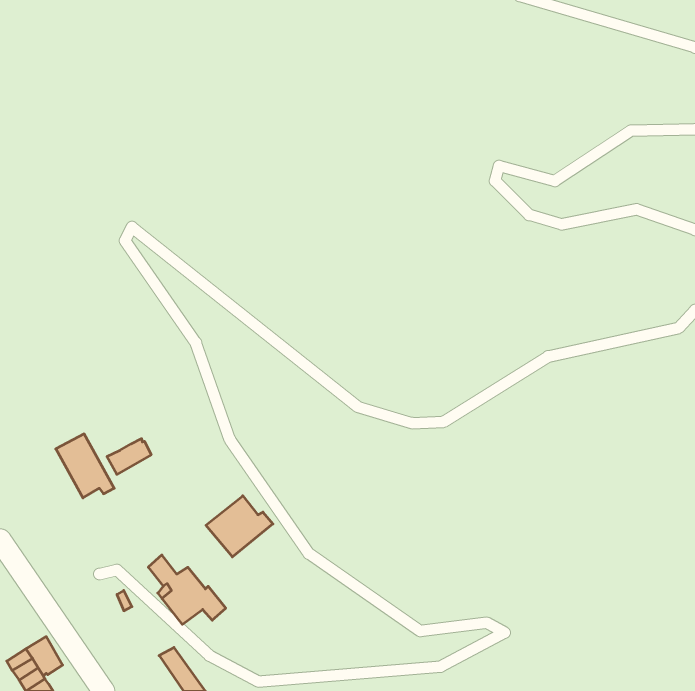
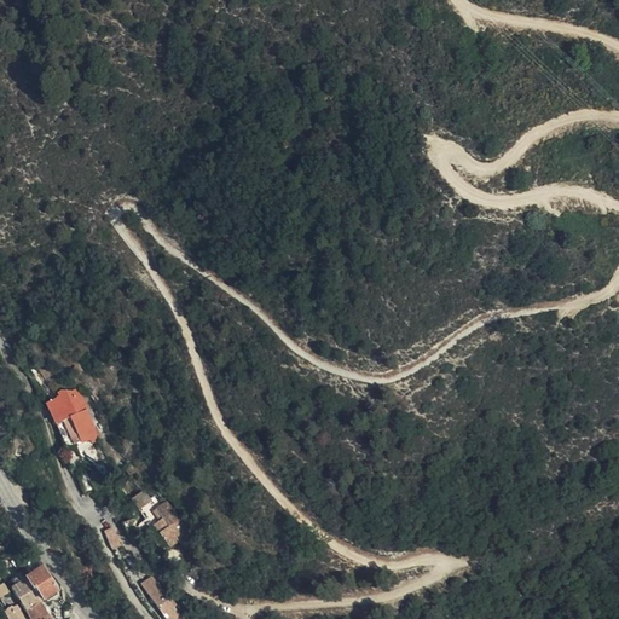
building: [107,439,151,474] -> none
building: [206,496,273,557] -> none

